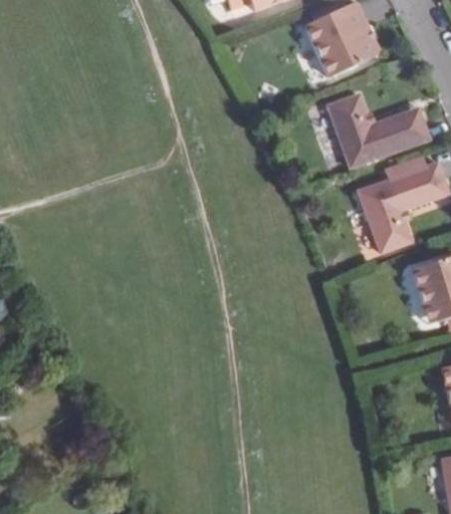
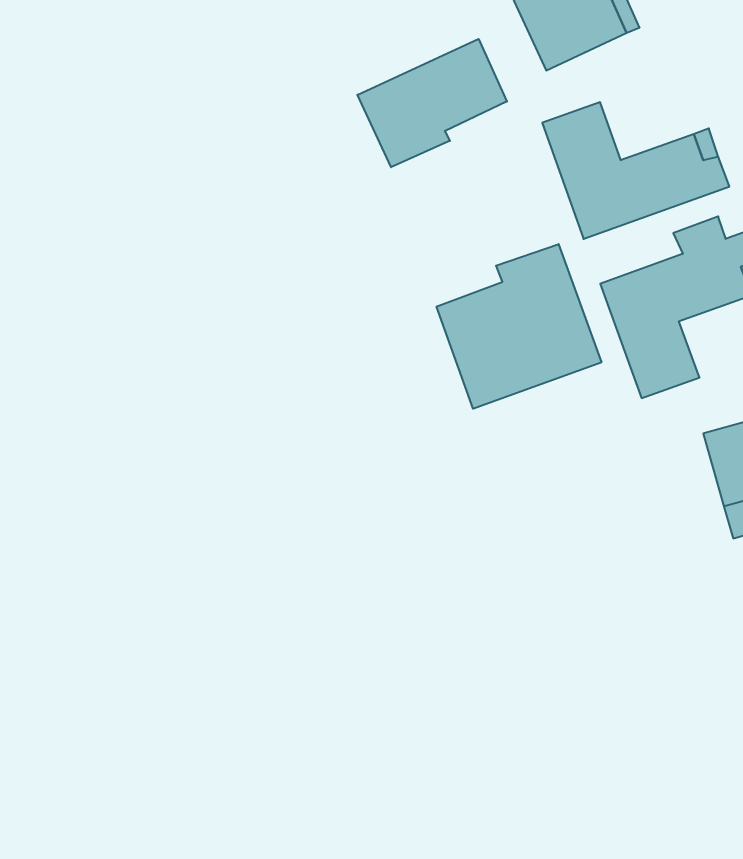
building: none -> [357,39,507,167]
building: none -> [437,244,601,409]

